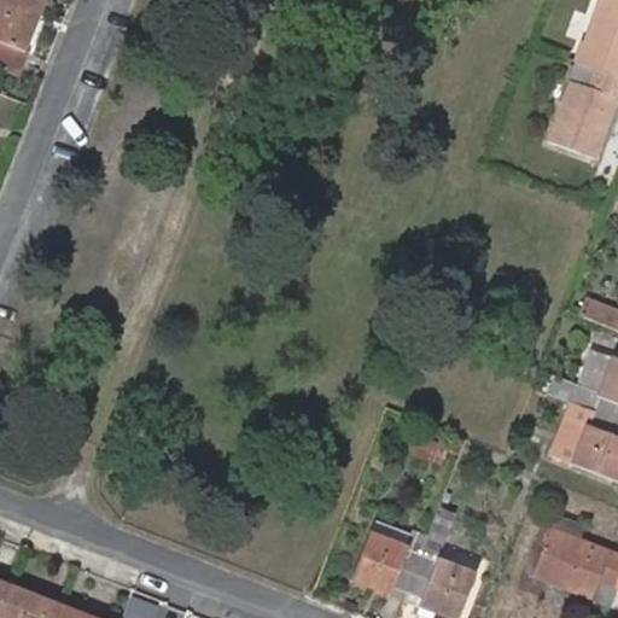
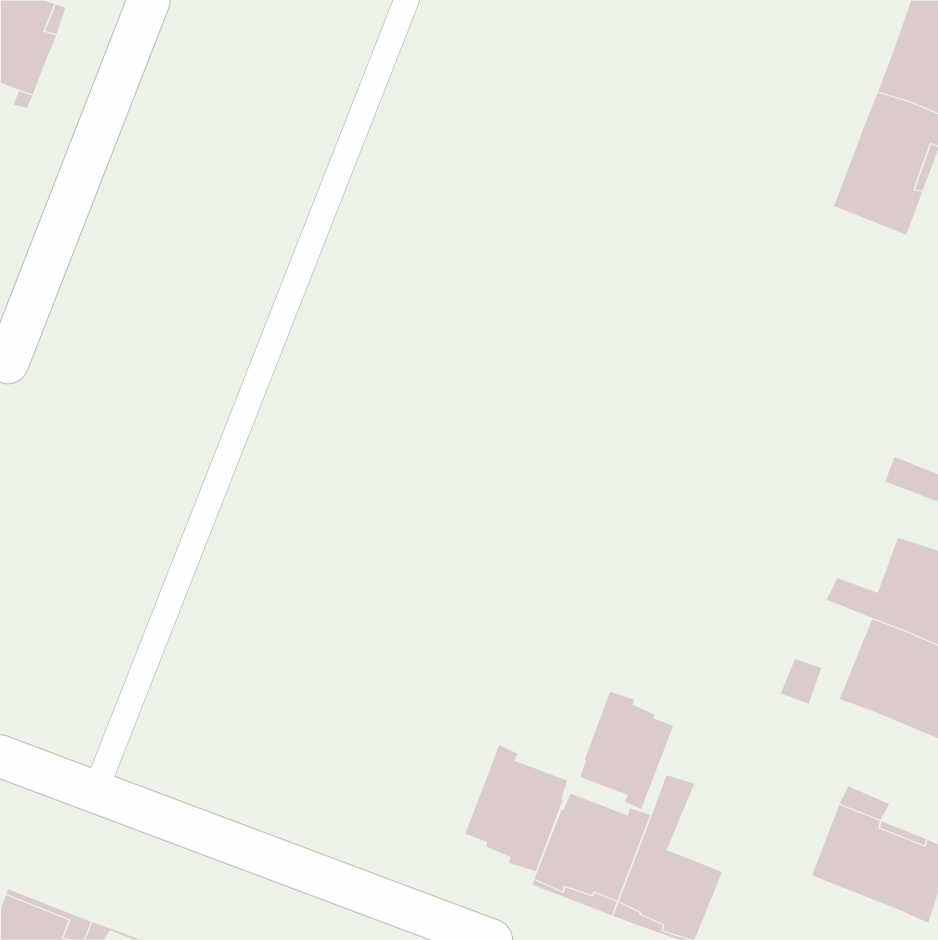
building: none -> [580,691,674,810]
building: none -> [464,744,568,872]

